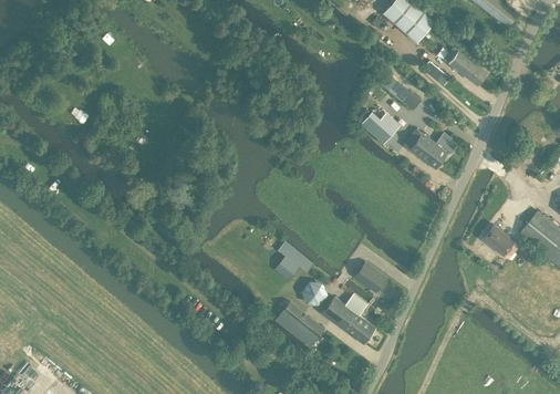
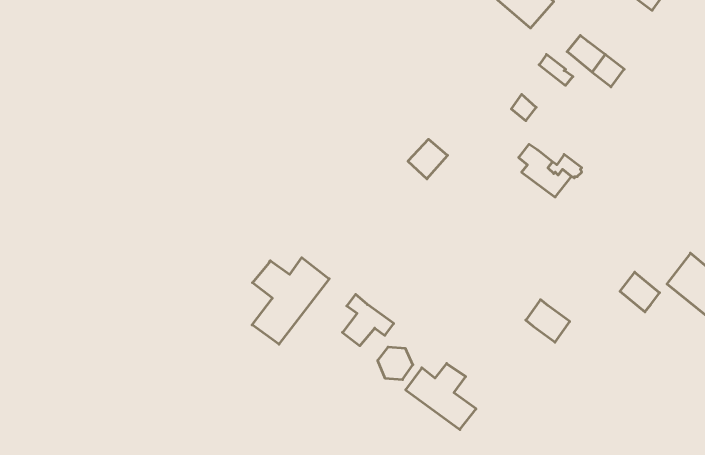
building: [369,114,398,144] -> [408,139,448,179]
building: none -> [252,258,329,344]
building: [354,261,387,293] -> [526,300,570,342]
building: [276,301,324,348] -> none

